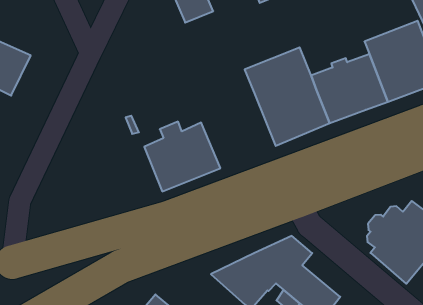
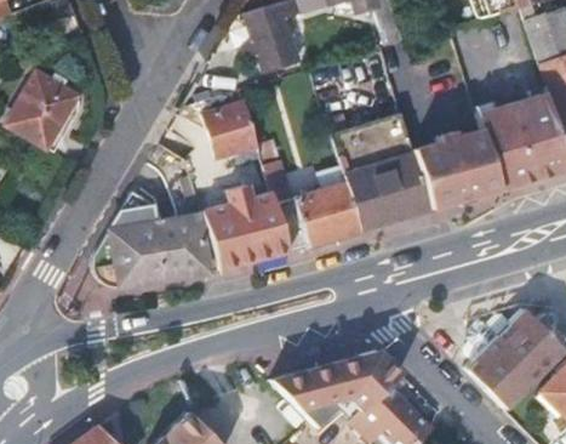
building: none -> [206,101,261,158]
building: none -> [273,166,364,251]
building: none -> [95,194,208,290]

